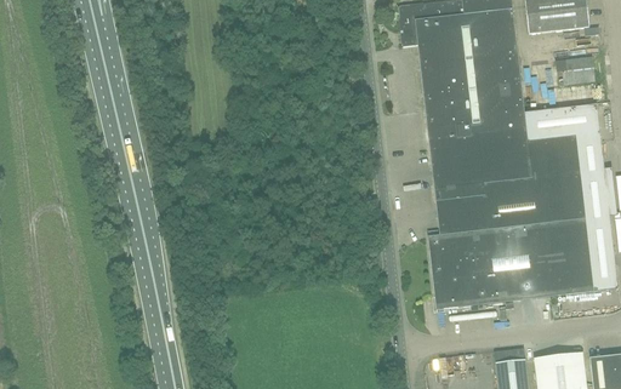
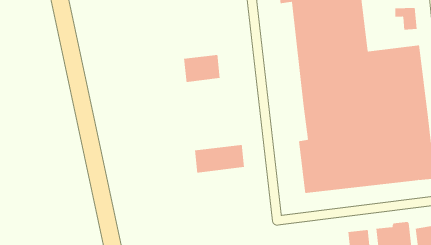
building: none -> [183,54,220,83]
building: none -> [194,144,244,173]

